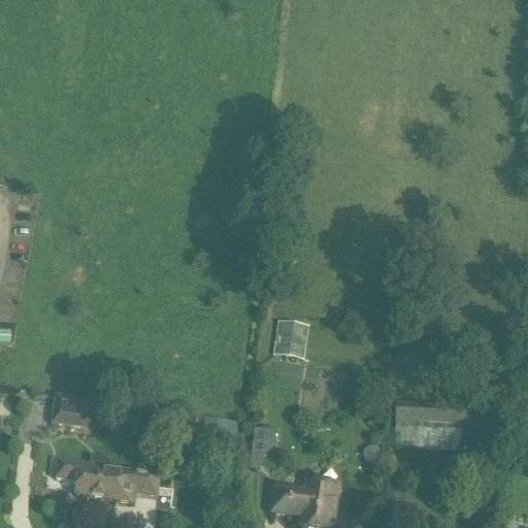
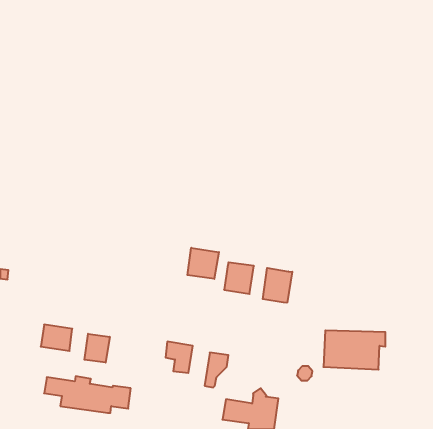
building: none -> [187,248,219,279]
building: none -> [263,268,292,303]
building: none -> [84,334,110,363]

